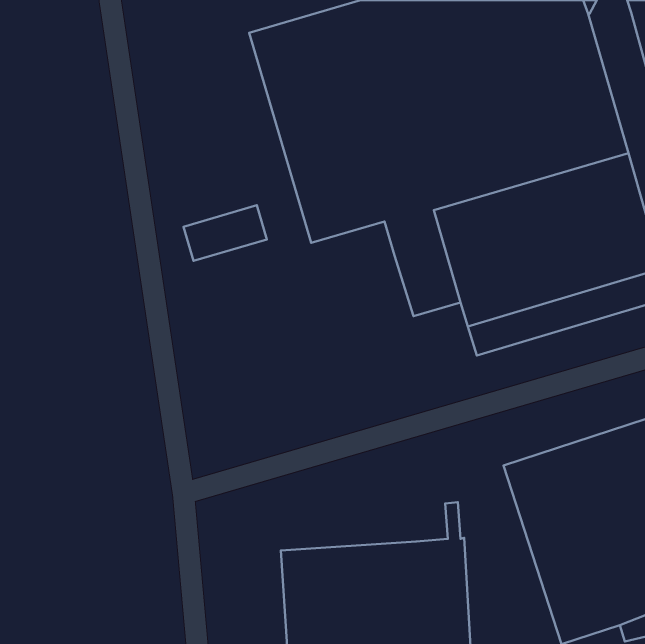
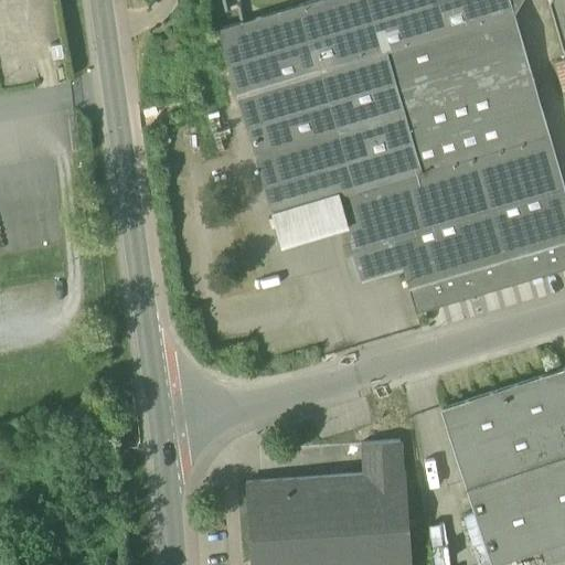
building: [183,205,267,261] -> [273,195,345,244]
building: none -> [362,441,392,475]

